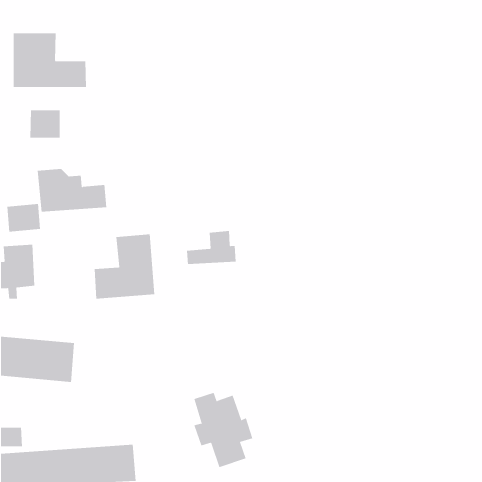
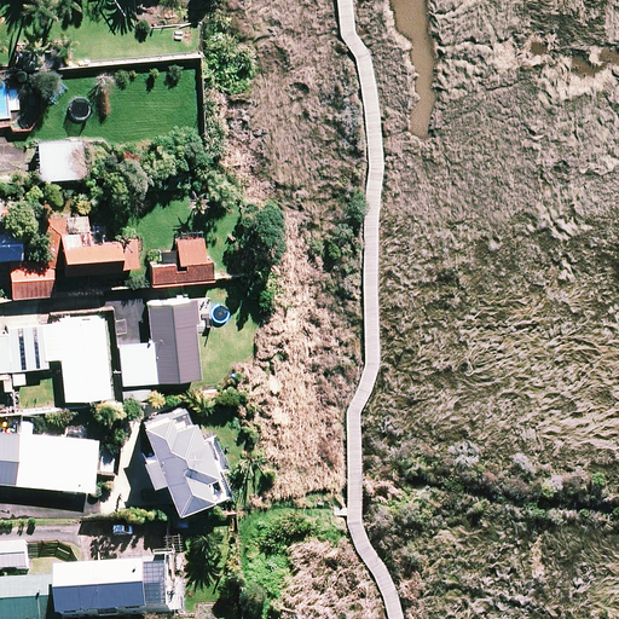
building: [13,33,86,88] -> none
building: [186,230,236,265] -> [149,241,213,284]
building: none -> [58,319,111,400]
building: [193,392,253,468] -> [143,412,219,509]

